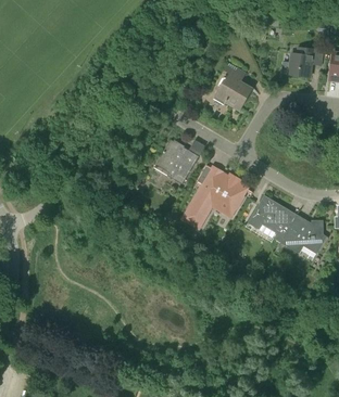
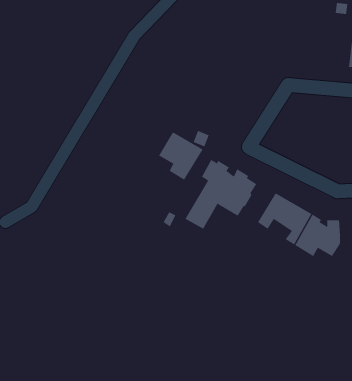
building: [289,48,323,77] -> none
building: [215,63,251,111] -> none

